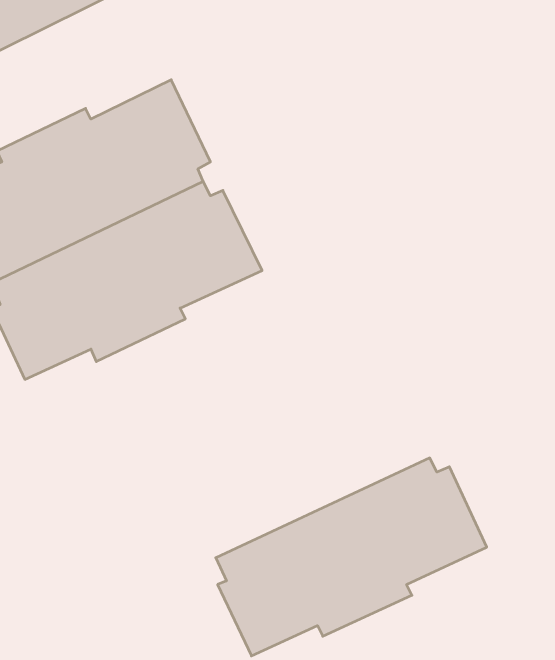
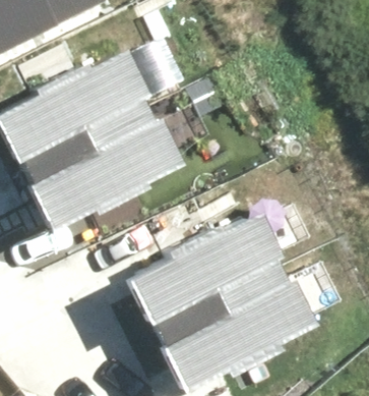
building: none -> [126,212,283,327]

